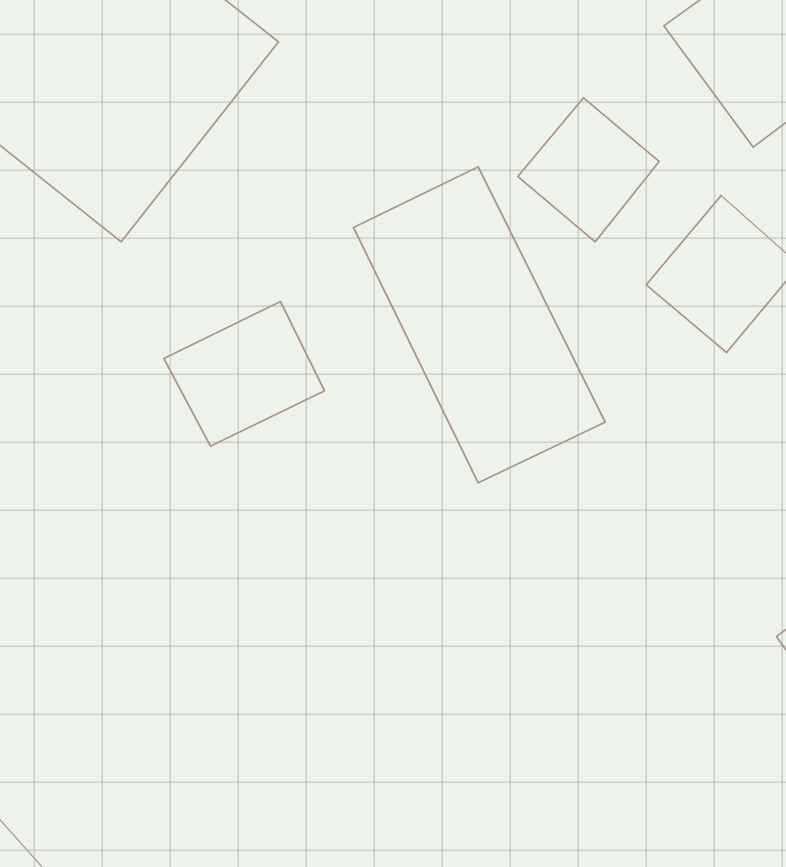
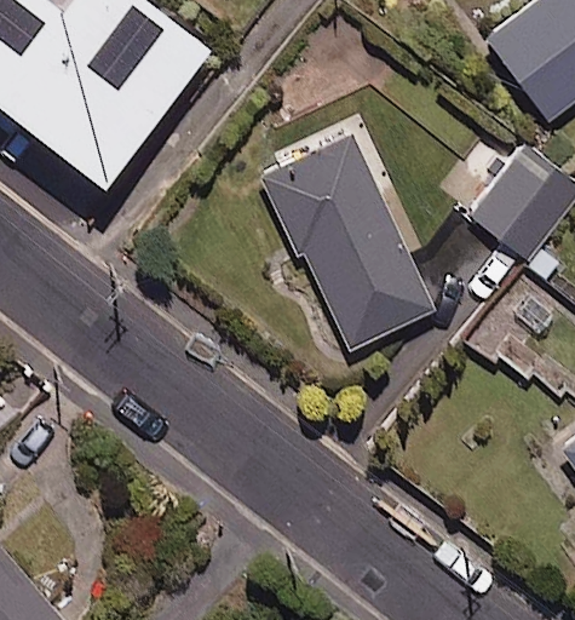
building: [518,98,659,242] -> none
building: [164,301,324,446] -> none

